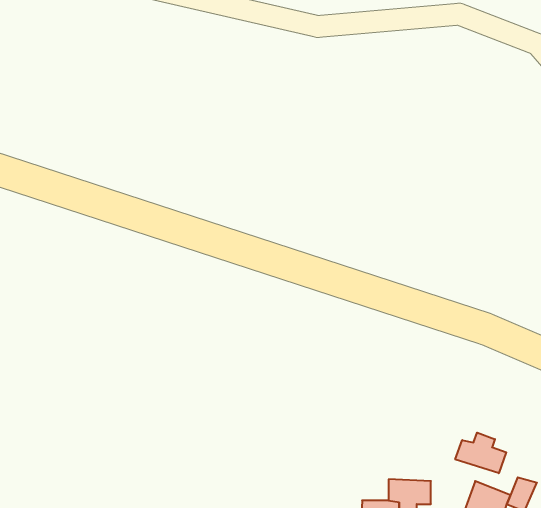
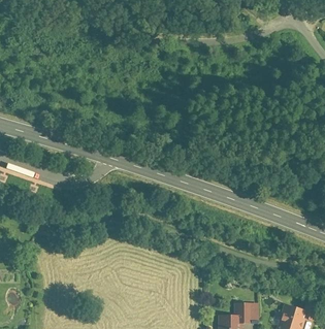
building: [455,433,506,473] -> none

